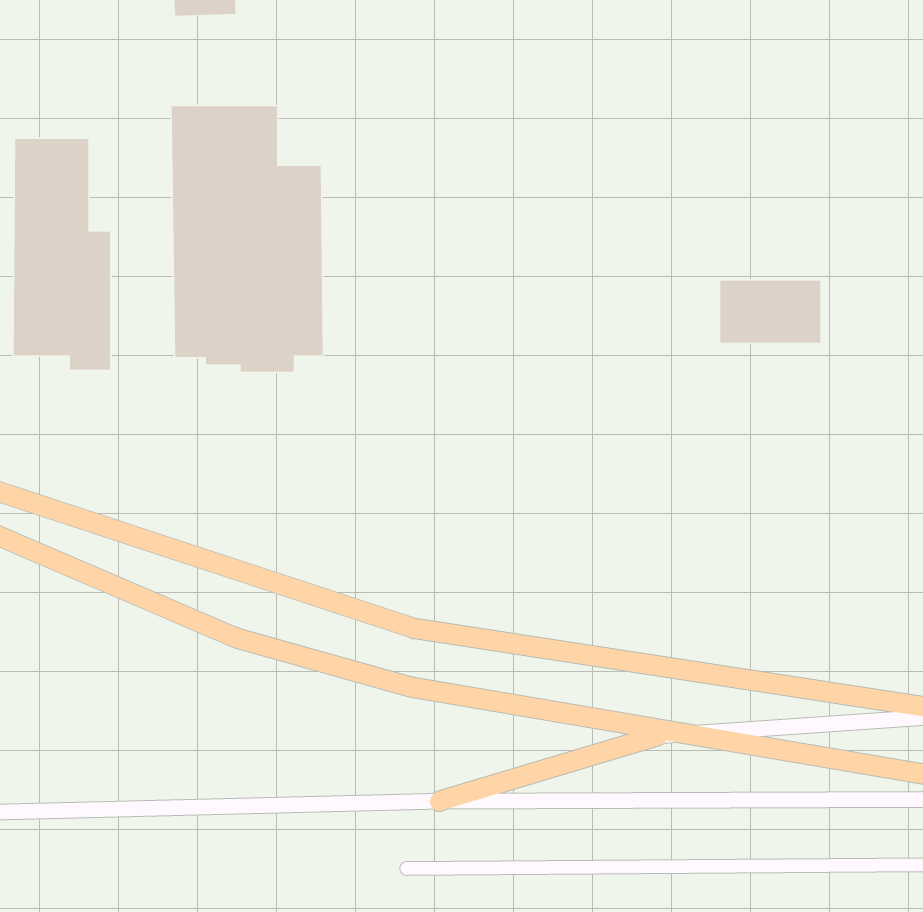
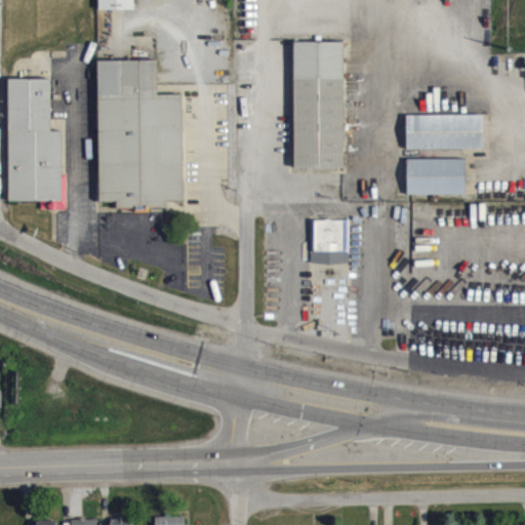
building: none -> [292,41,342,167]
building: none -> [405,114,482,149]
building: none -> [309,218,348,264]

